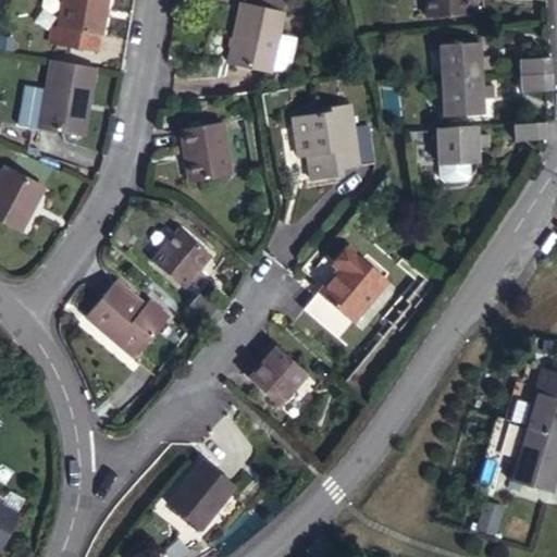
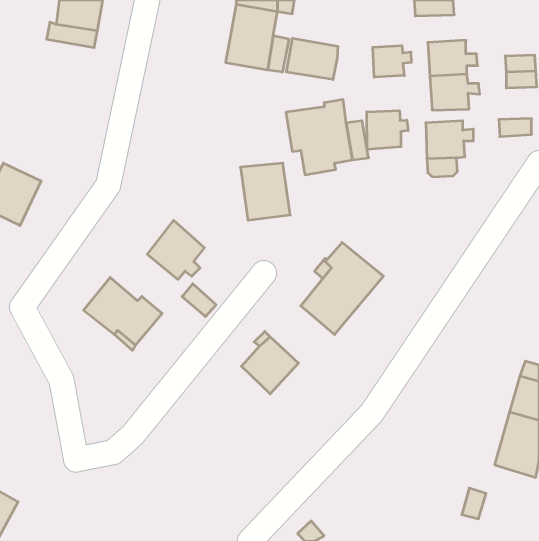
building: none -> [286,38,338,80]
building: none -> [373,46,411,77]
building: [36,57,96,136] -> none
building: none -> [367,111,408,149]
building: [181,124,232,183] -> [240,163,290,220]
building: [163,458,232,528] -> none

